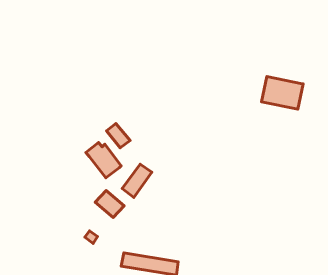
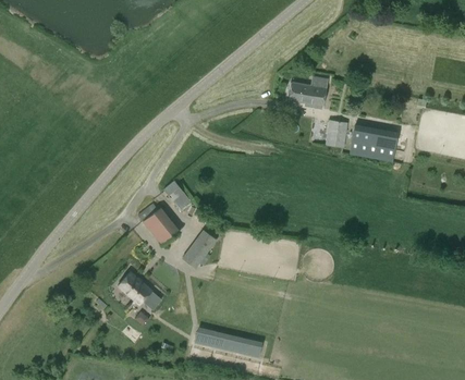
building: none -> [289,74,328,106]
building: none -> [326,119,348,147]
building: [95,190,124,218] -> [118,271,152,304]

